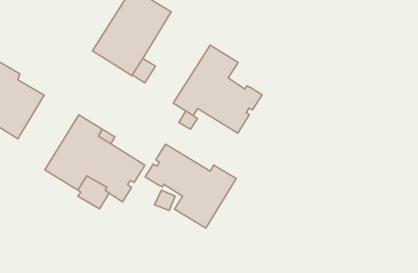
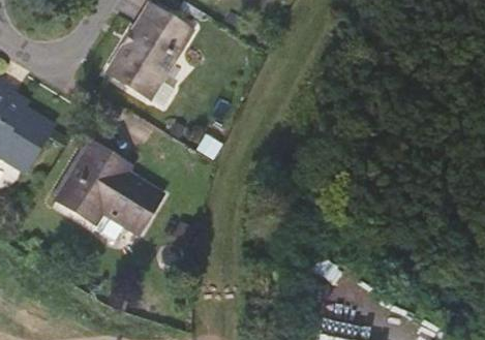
building: [173,45,262,133] -> none
building: [145,144,236,228] -> none

